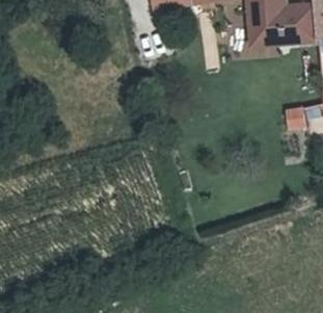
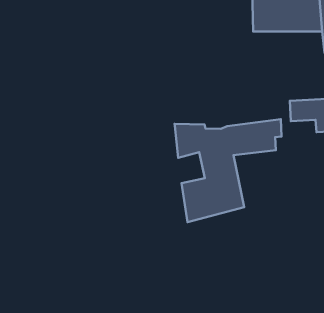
building: none -> [174,119,282,222]

